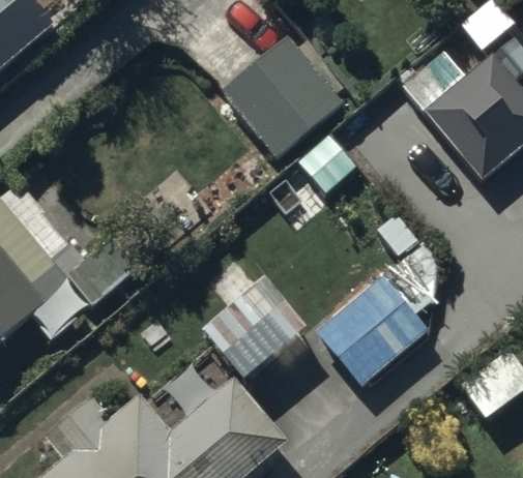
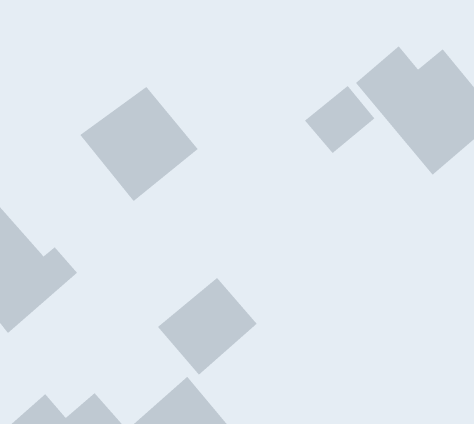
building: [221,38,342,156] -> [79,86,199,202]
building: [313,272,431,383] -> none

